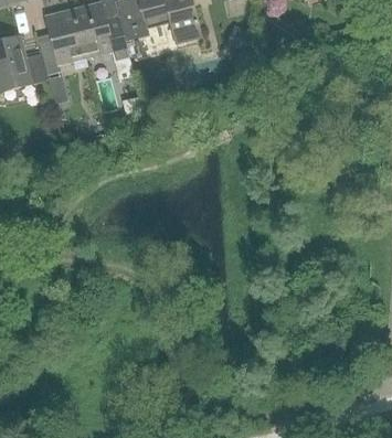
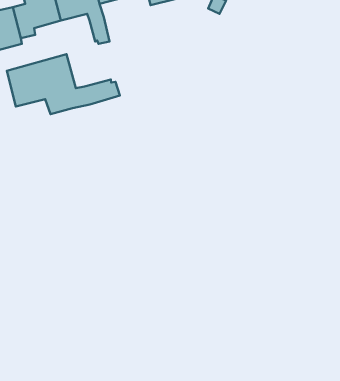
building: none -> [7,54,120,114]

